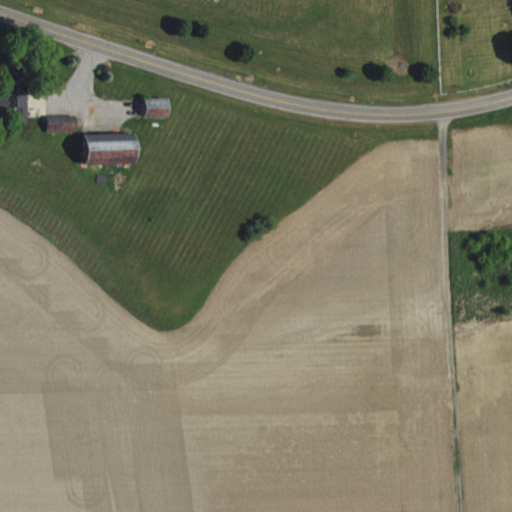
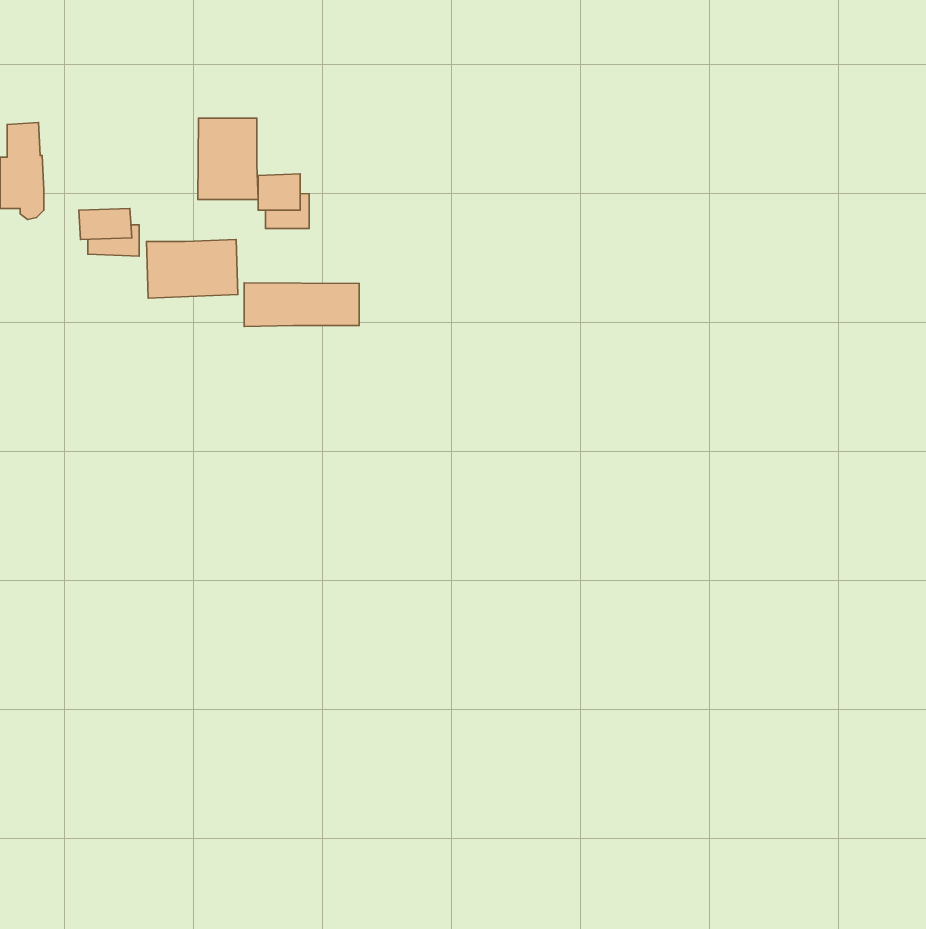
building: none -> [198,118,258,199]
building: none -> [244,283,359,326]

